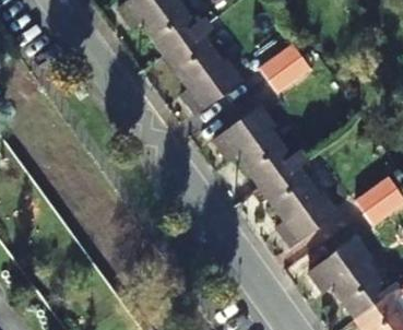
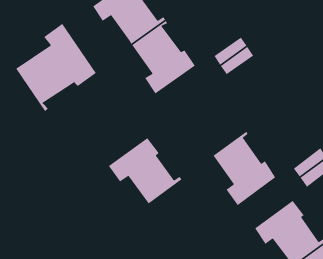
building: none -> [15,23,97,112]
building: [212,108,300,188] -> [108,137,183,204]

